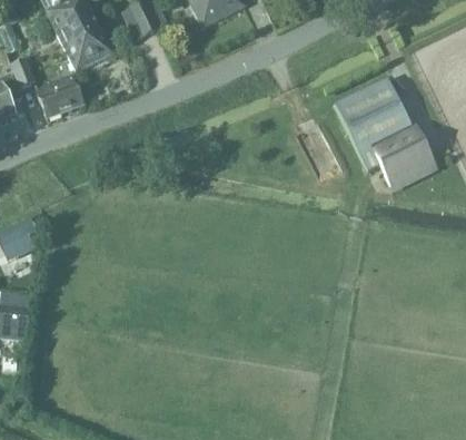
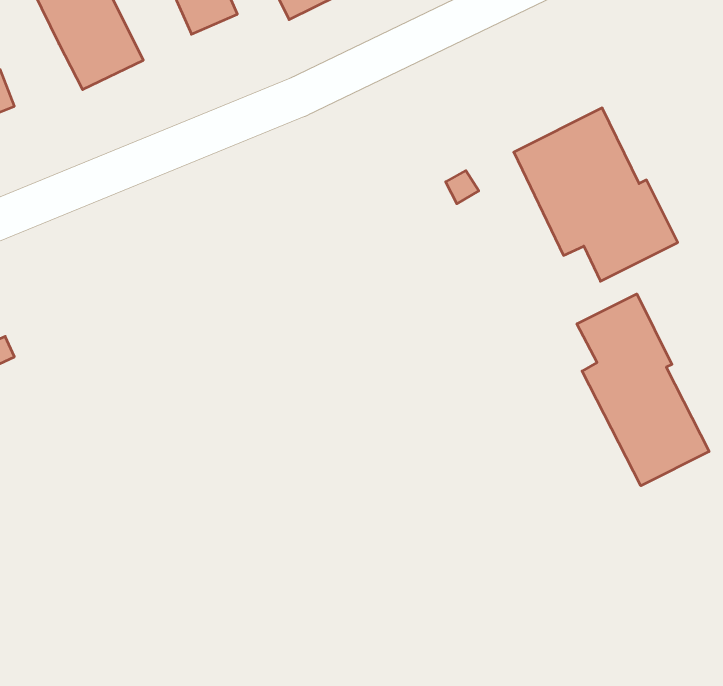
building: [34,74,83,118] -> none
building: none -> [577,294,709,486]

